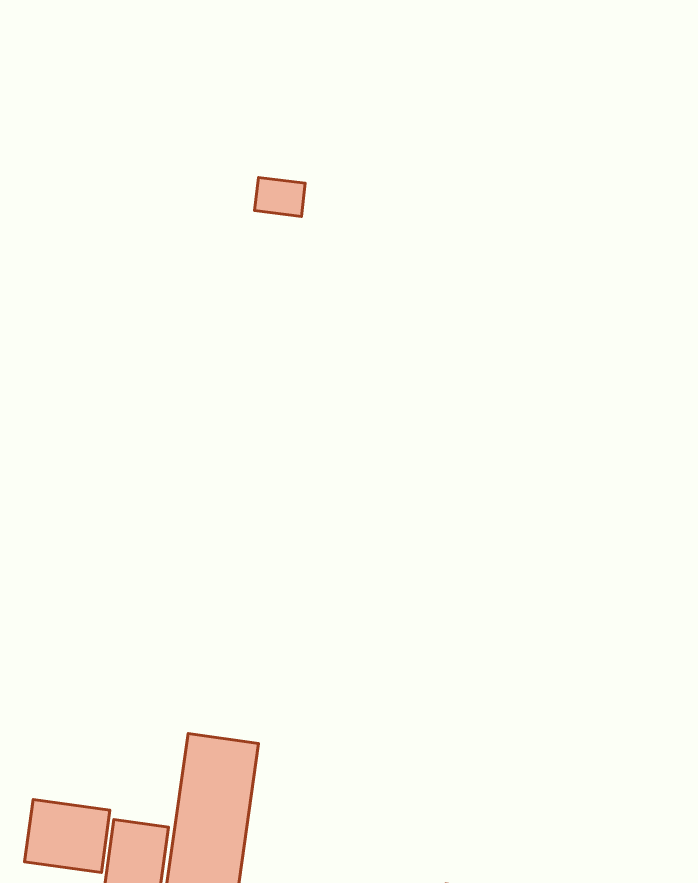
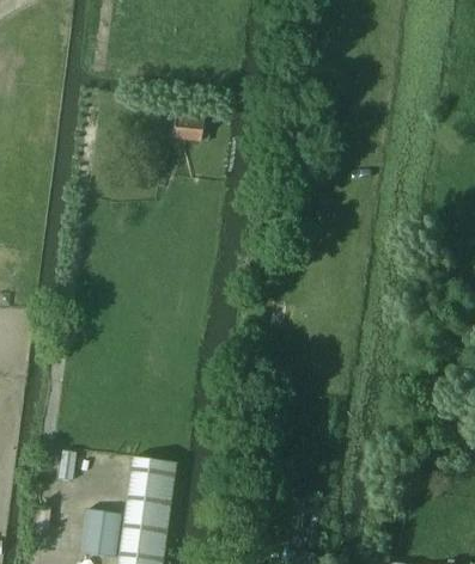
building: [25,799,110,873] -> none

